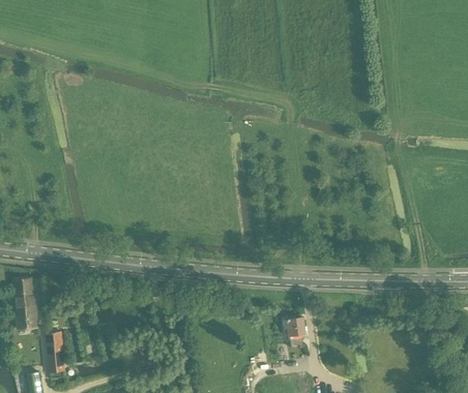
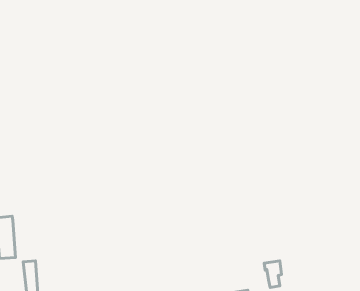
building: [285,316,305,349] -> [264,261,281,287]

